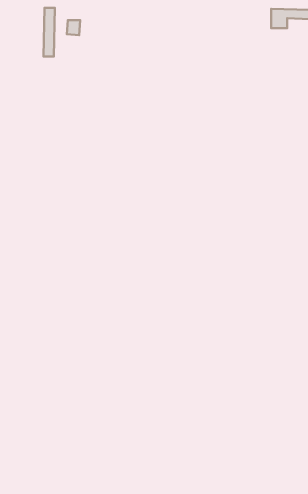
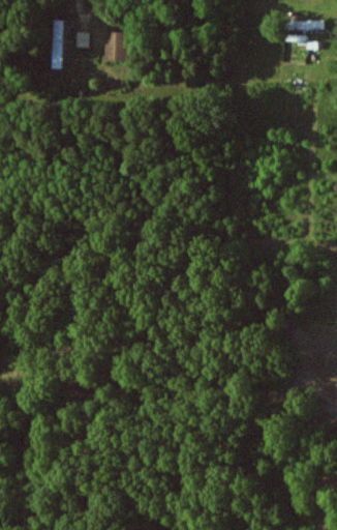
building: none -> [105,32,125,61]

